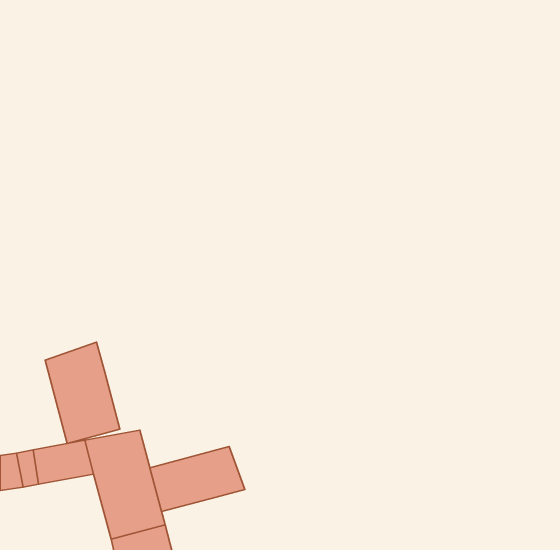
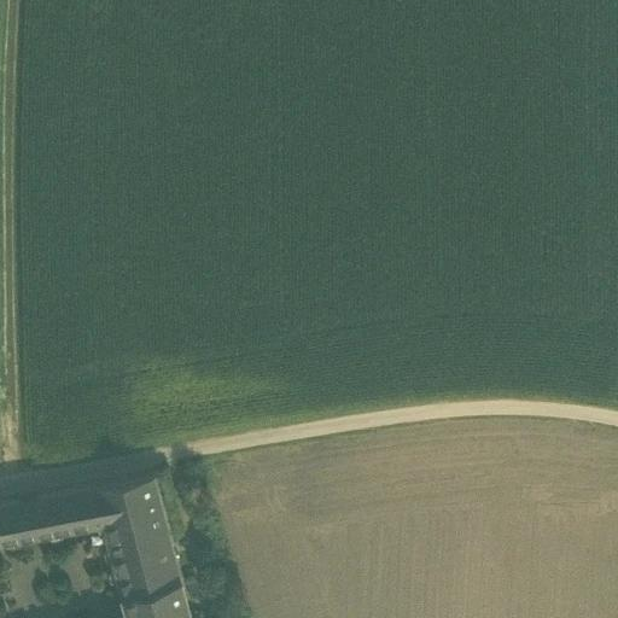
building: [45,342,120,443] -> none
building: [150,447,245,512] -> none

